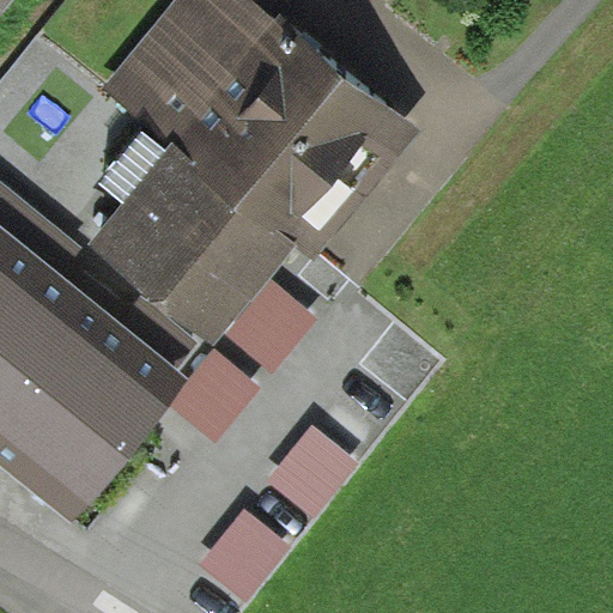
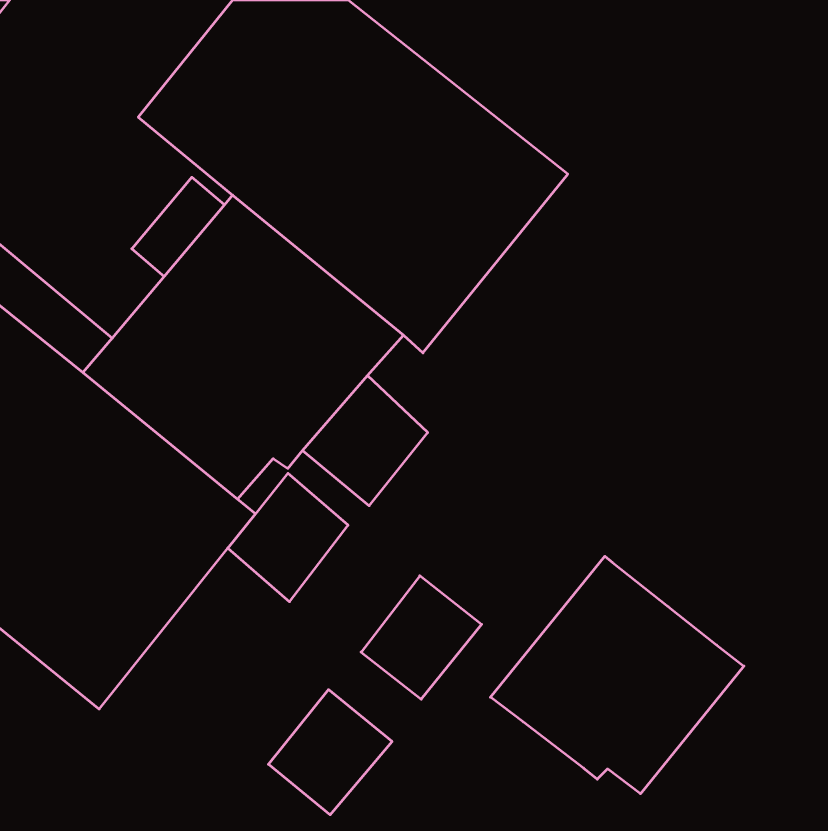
building: none -> [490,556,744,794]

